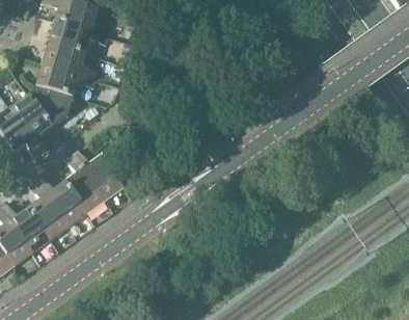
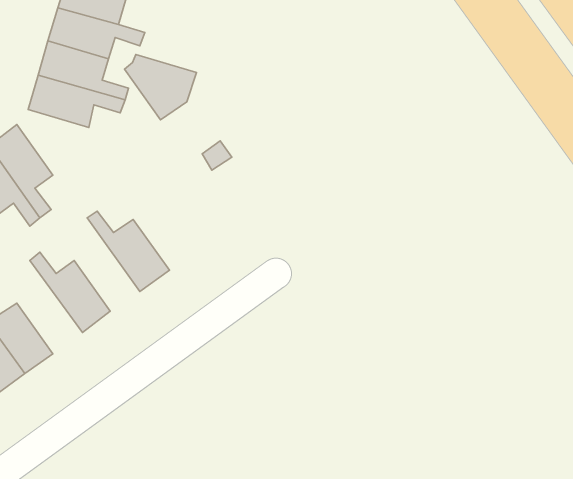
building: [28,84,74,126] -> [124,54,197,120]
building: [64,153,106,212] -> none
building: [28,180,70,239] -> none

